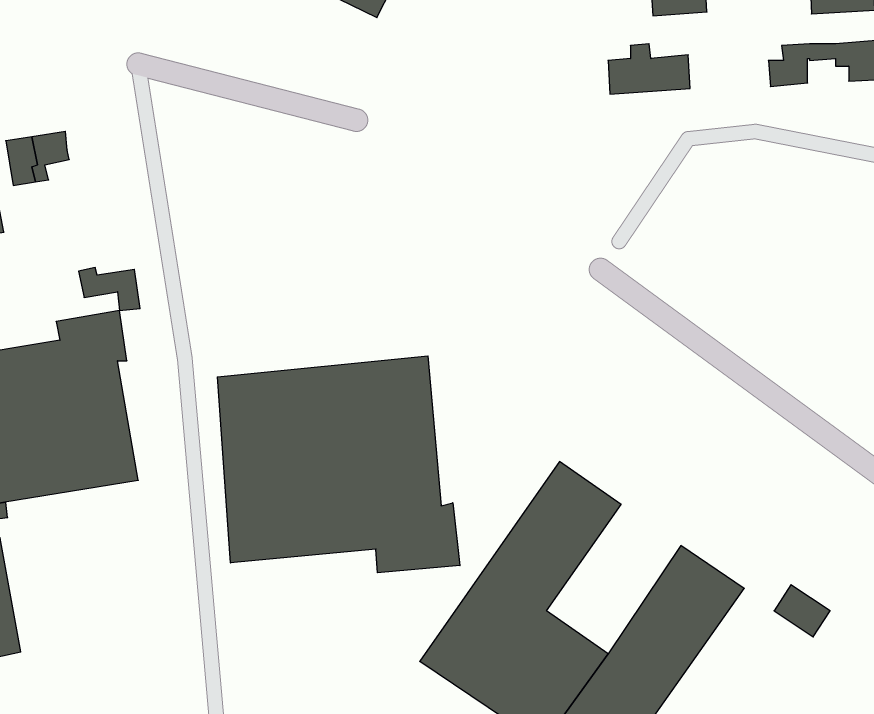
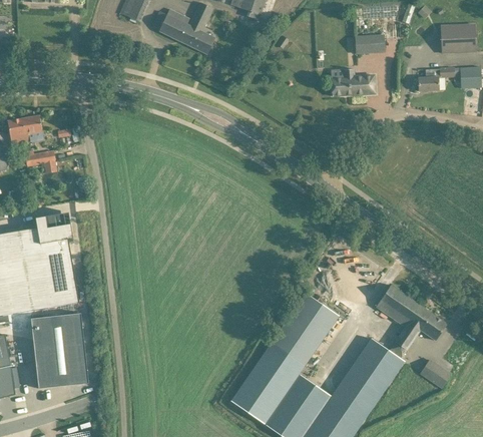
building: [79,268,140,310] -> [24,149,57,172]
building: [217,356,460,573] -> none
building: none -> [376,285,447,358]
building: none -> [31,313,88,388]

